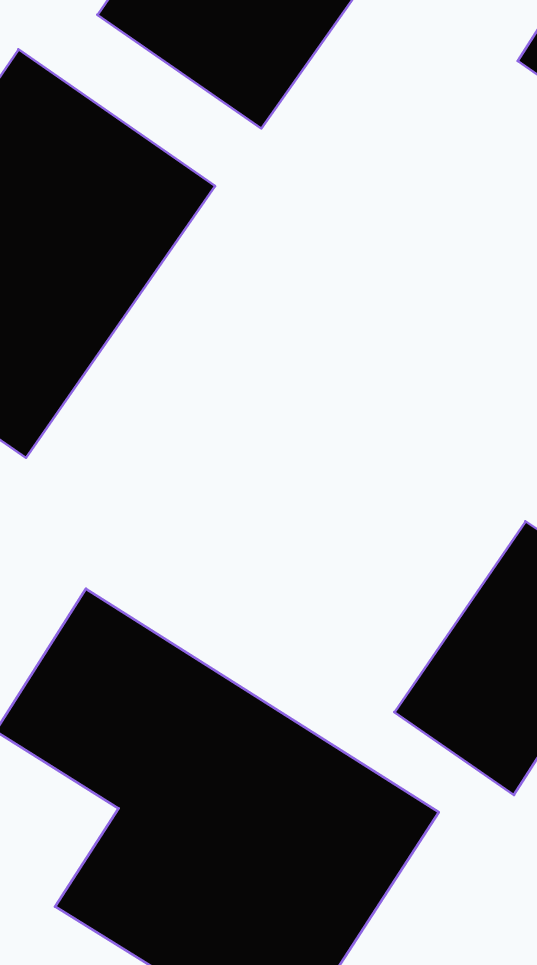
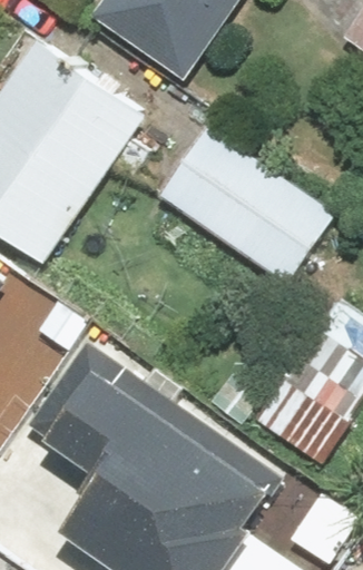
building: none -> [160,125,332,282]

